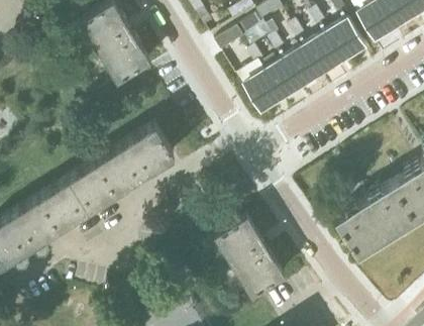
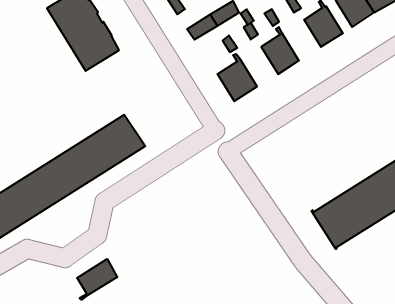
building: [307,30,344,76] -> none
building: [267,57,303,101] -> none
building: [215,219,285,299] -> none
building: none -> [77,259,117,300]

